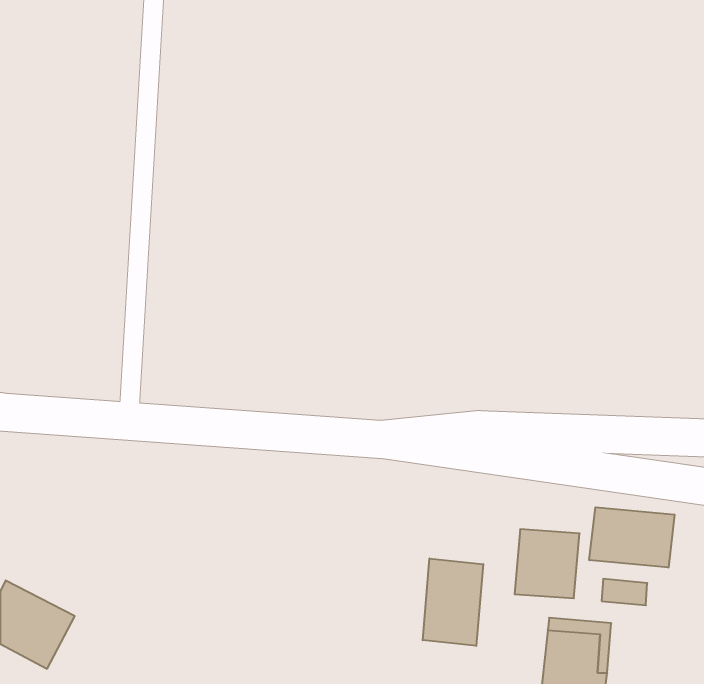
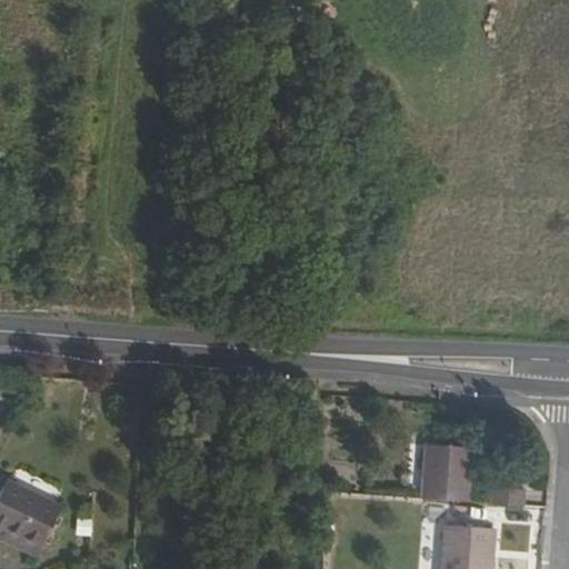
building: [589,507,675,568] -> none
building: [423,558,483,646] -> none

